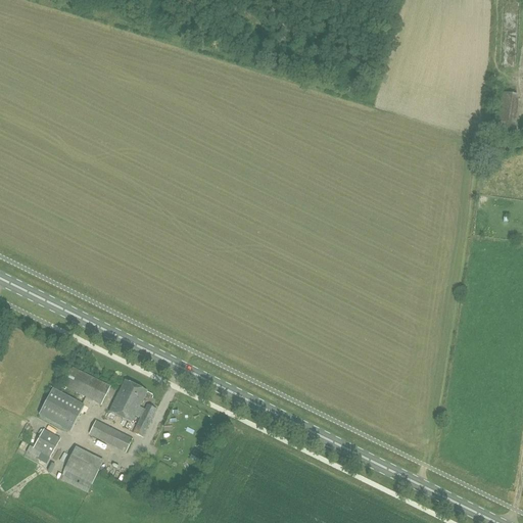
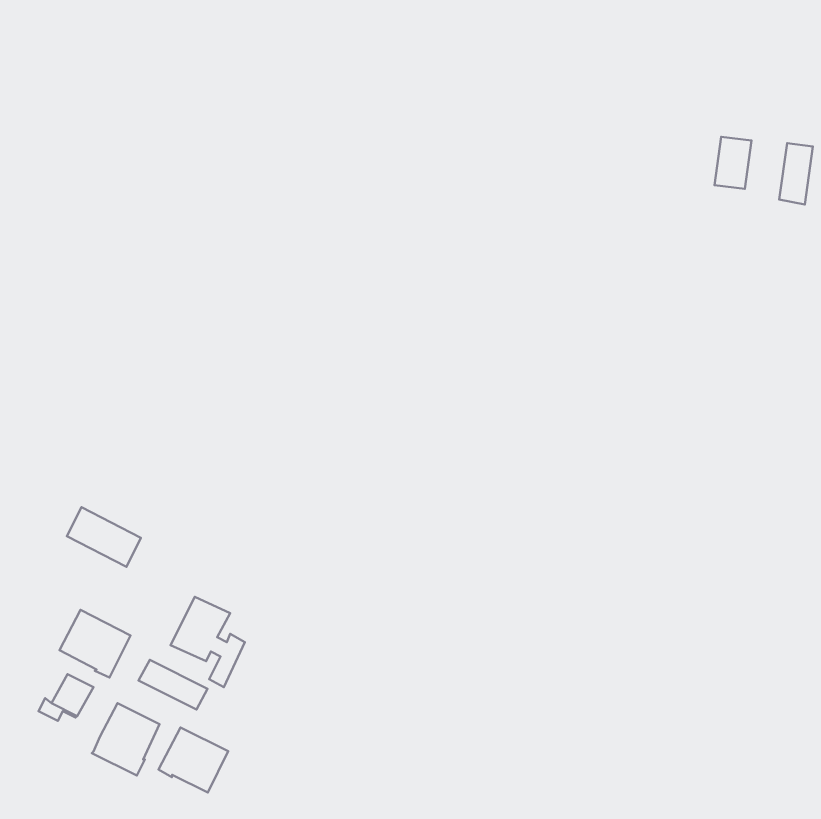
building: none -> [715,137,751,189]
building: [62,366,109,403] -> [67,507,141,567]
building: none -> [159,727,228,793]

